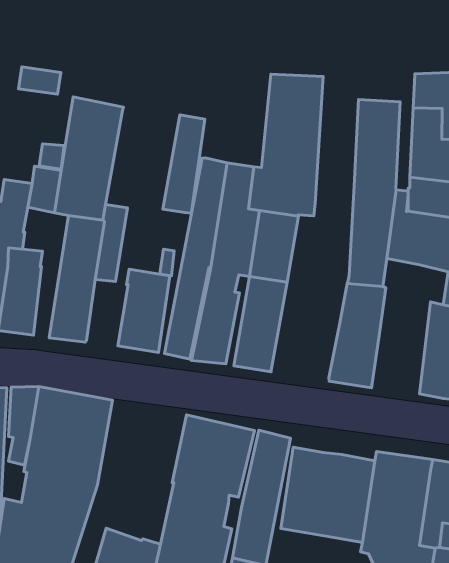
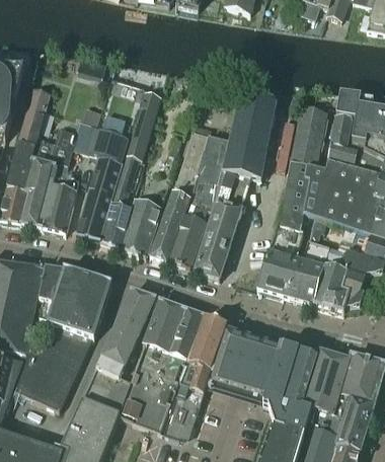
building: [163,115,205,215] -> [124,90,159,157]
building: none -> [284,214,330,303]
building: none -> [99,200,132,245]
building: none -> [96,287,155,376]

